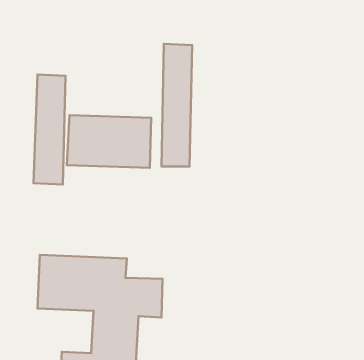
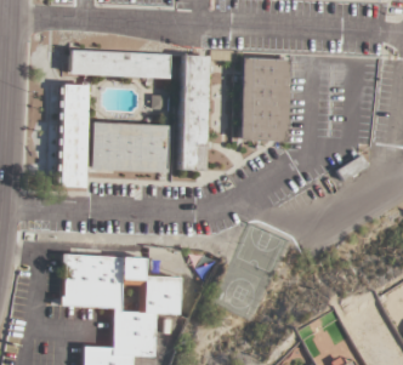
building: none -> [70,51,174,78]
building: none -> [240,57,291,142]

